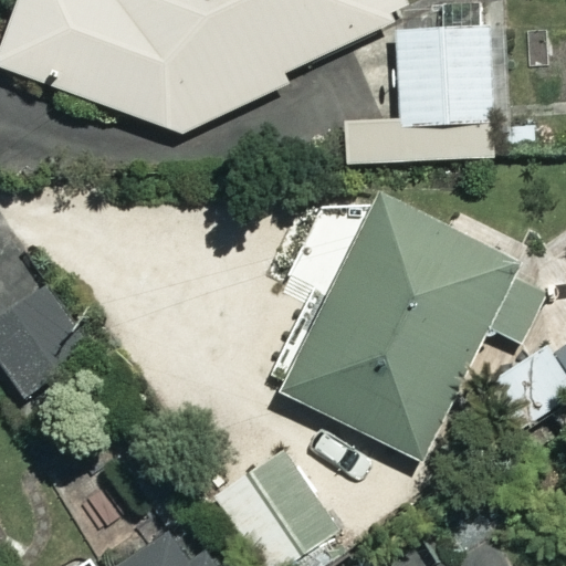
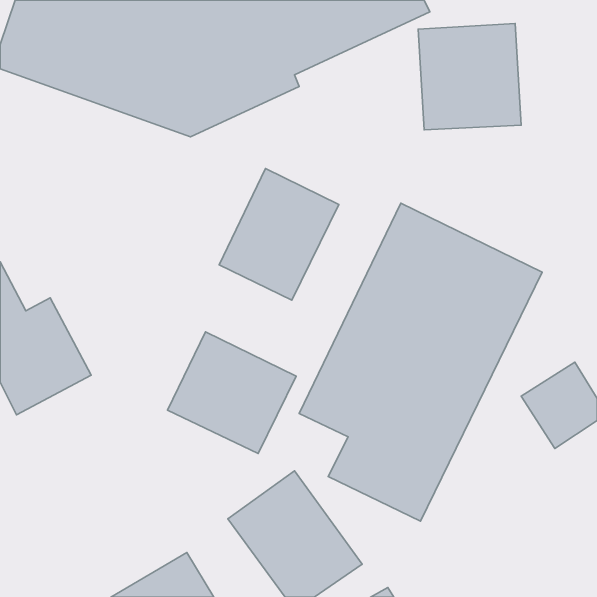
building: none -> [219,169,339,300]
building: none -> [167,332,296,454]

